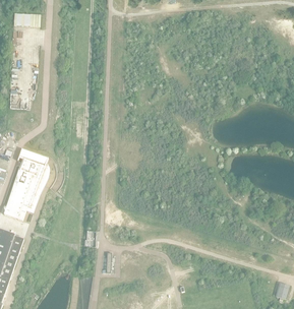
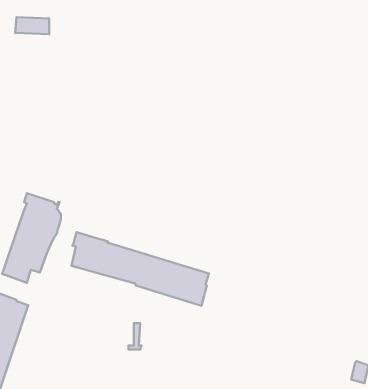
building: none -> [71,232,209,306]

